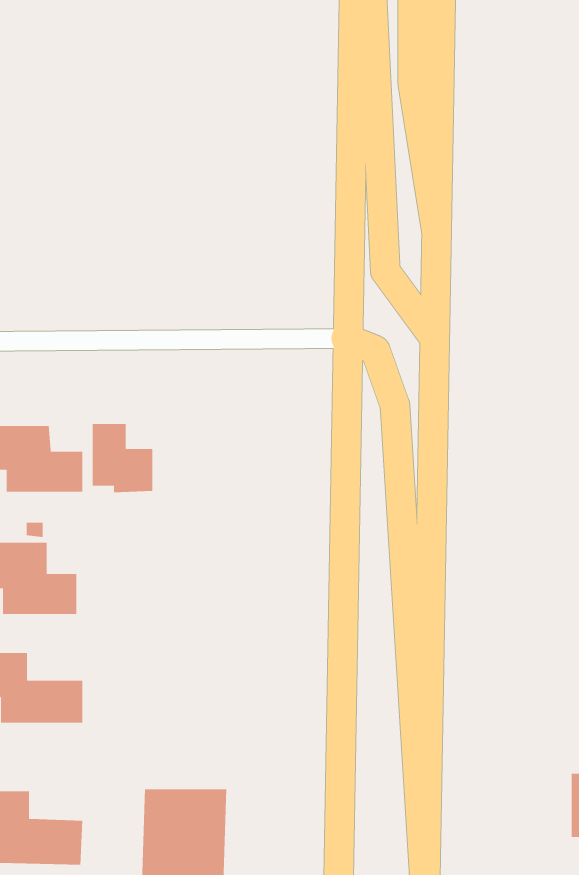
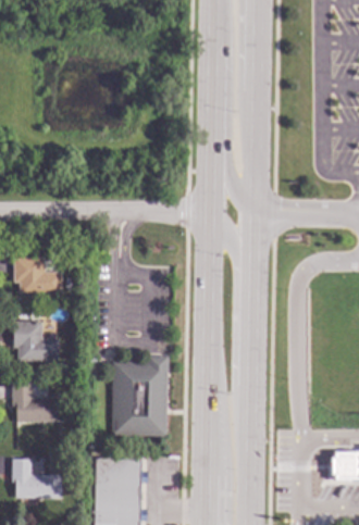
building: [92,423,153,493] -> none
building: none -> [111,355,168,436]

